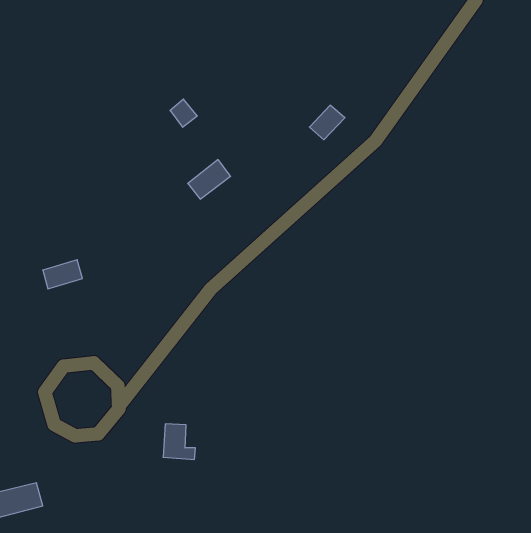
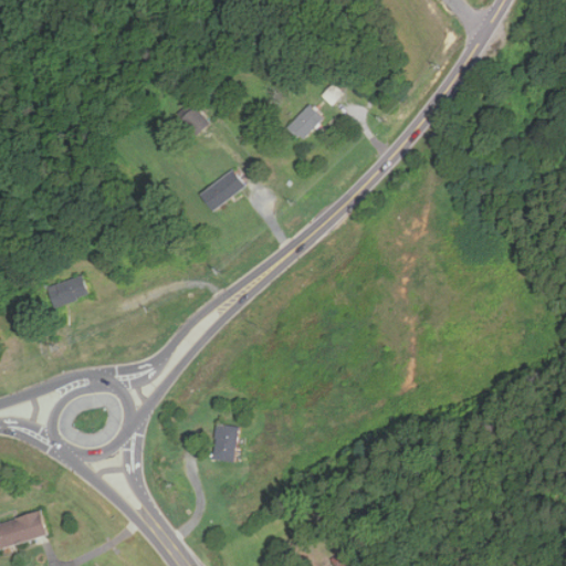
building: [309,105,345,140] -> [283,104,321,140]
building: [163,424,195,459] -> [212,424,247,462]

